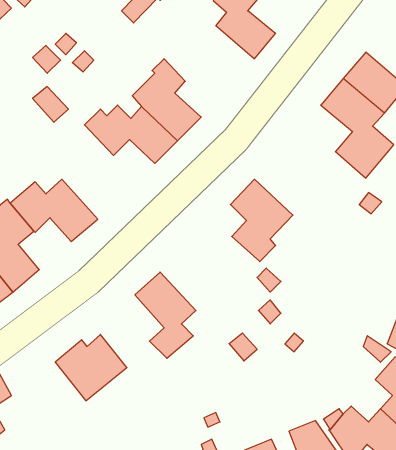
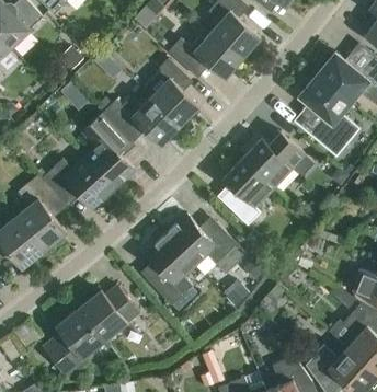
building: none -> [168,31,243,79]
building: none -> [84,113,135,191]
building: none -> [243,131,315,187]
building: none -> [165,215,245,275]
building: none -> [43,309,104,377]

